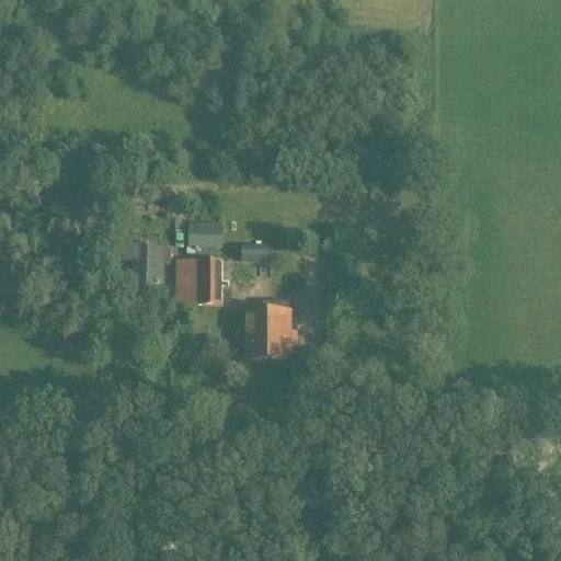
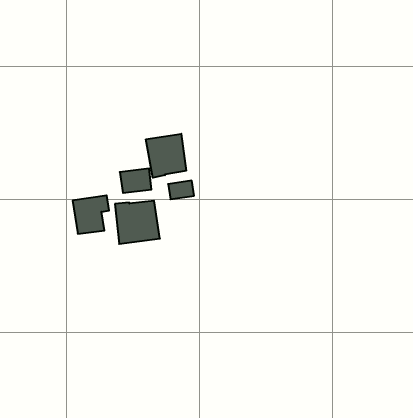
building: none -> [146,134,186,178]
building: [245,299,288,357] -> none

